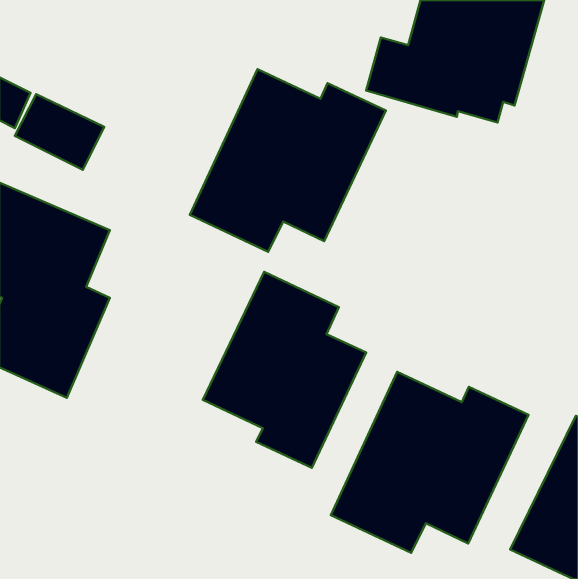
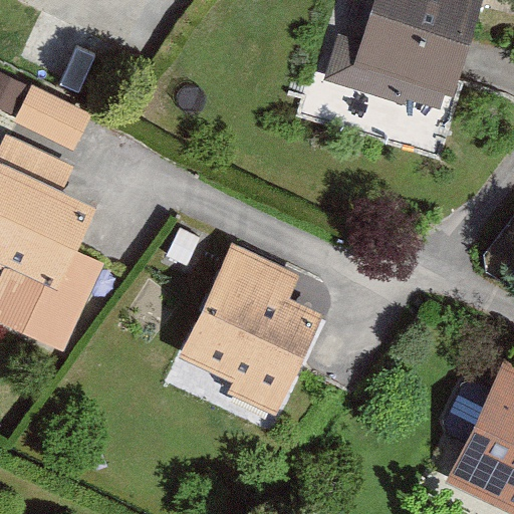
building: [190,69,386,252] -> none
building: [331,372,529,553] -> none

